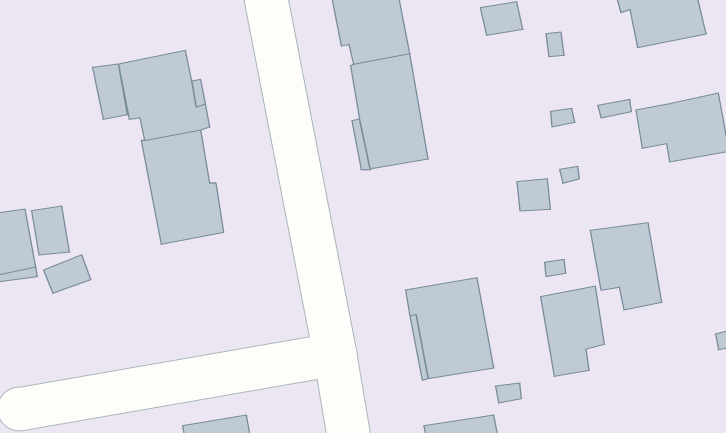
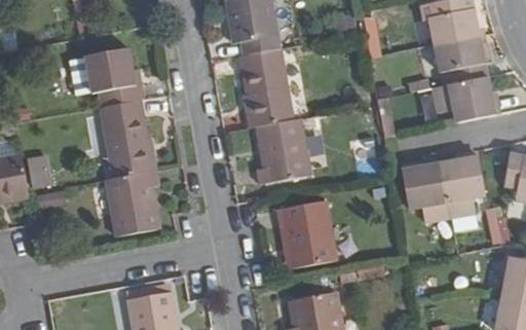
building: none -> [434,36,488,83]
building: none -> [256,118,310,184]
building: none -> [106,170,159,235]
building: [540,286,605,376] -> [441,156,484,217]

